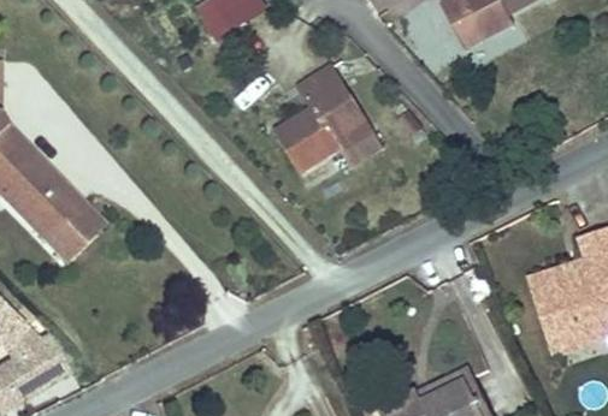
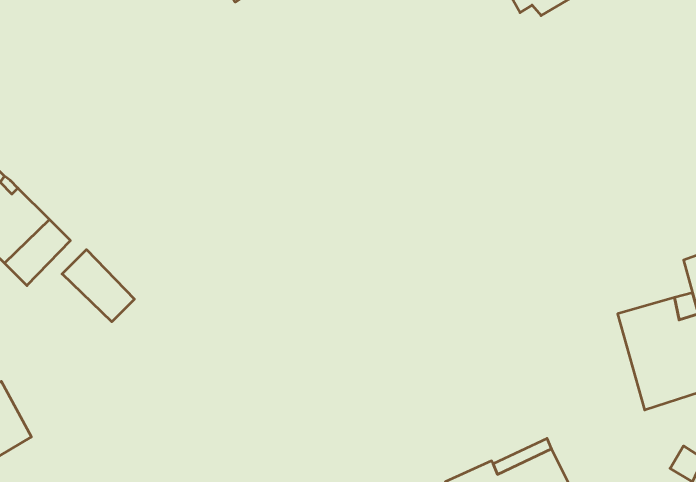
building: [273,63,371,167] -> none
building: none -> [62,250,134,322]

